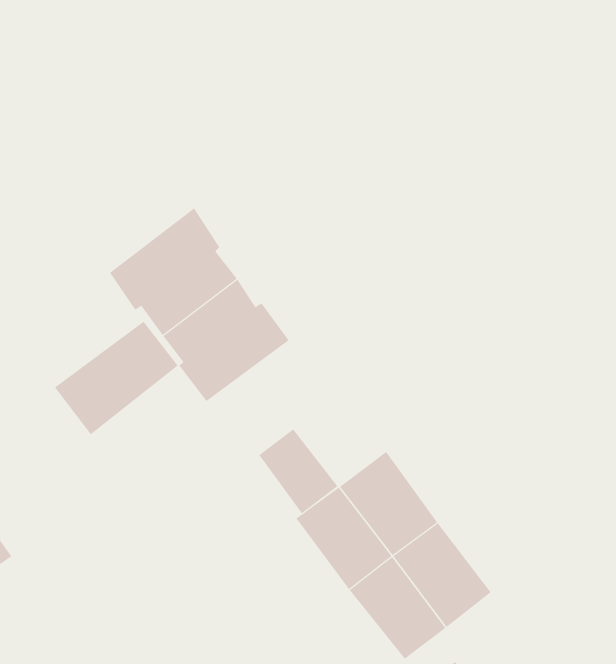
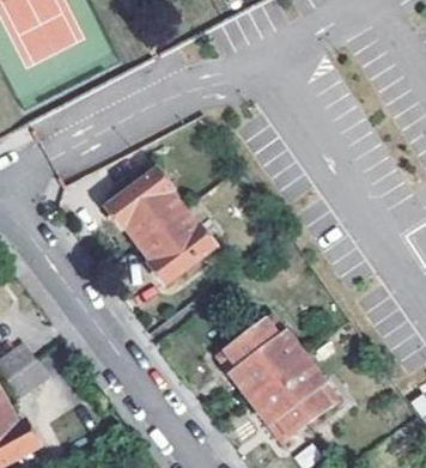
building: [54,321,179,435] -> none
building: [259,429,338,514] -> none

